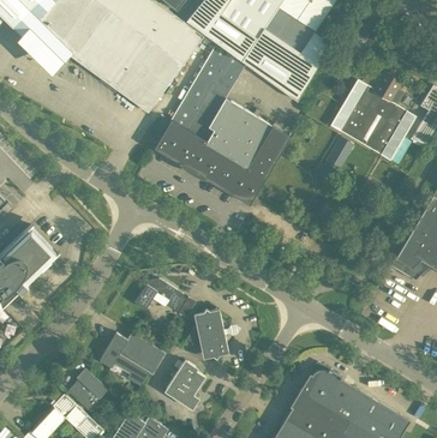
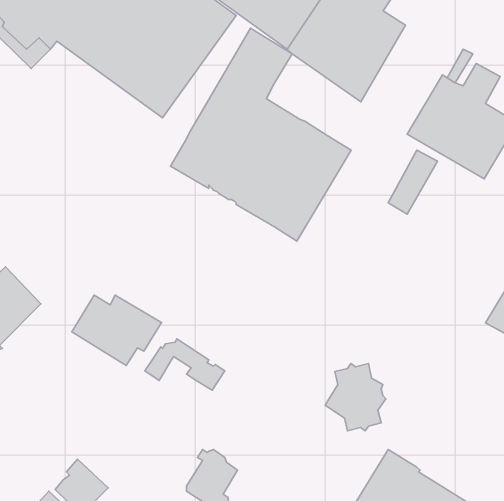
building: [186,308,232,359] -> [325,364,386,431]
building: [98,332,166,385] -> [72,295,162,366]

